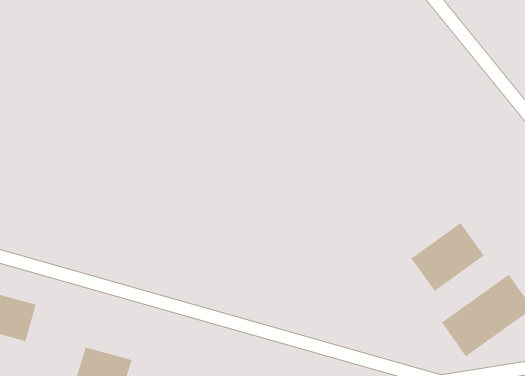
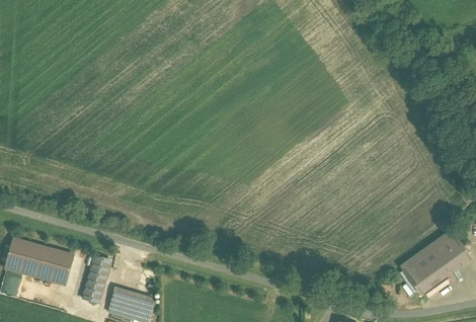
building: [411,222,485,292] -> none
building: none -> [81,254,110,302]

